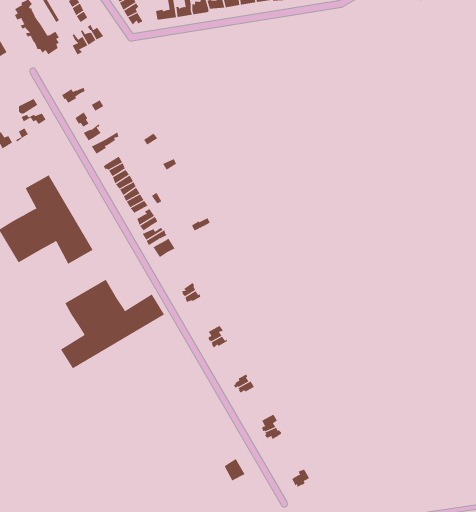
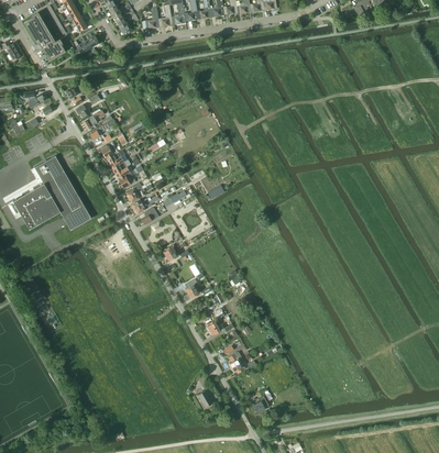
building: [60,279,165,369] -> none

